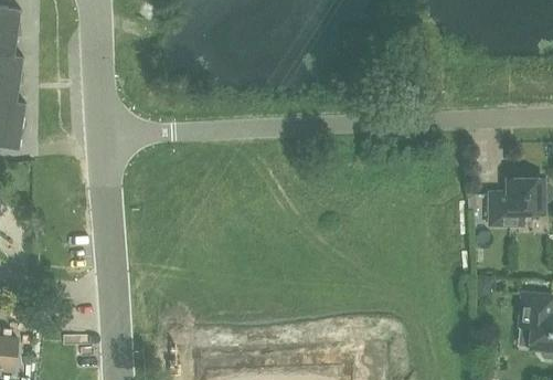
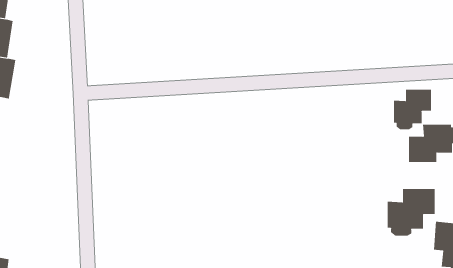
building: none -> [393,89,431,130]
building: none -> [387,188,435,236]

